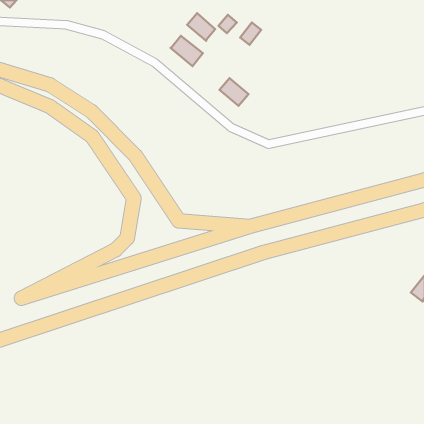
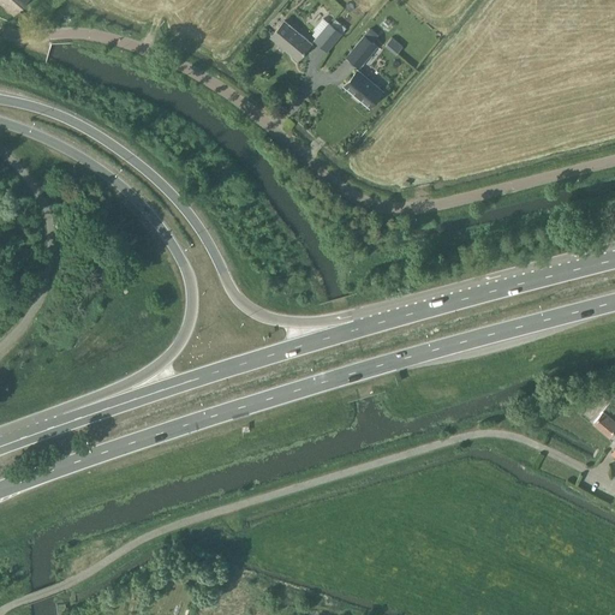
building: [170,36,203,66] -> none
building: [220,78,249,106] -> [345,70,387,109]

